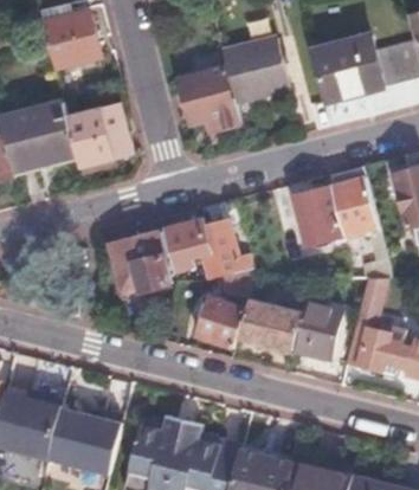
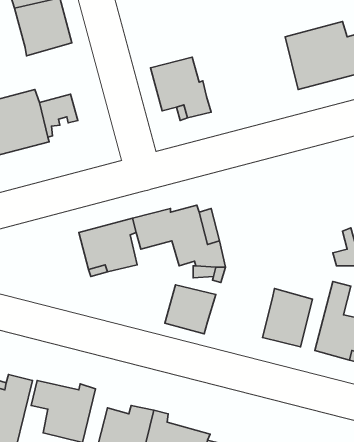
building: [221,37,291,109] -> none
building: [82,102,131,165] -> none
building: [288,165,376,245] -> none
building: [237,297,301,348] -> none

